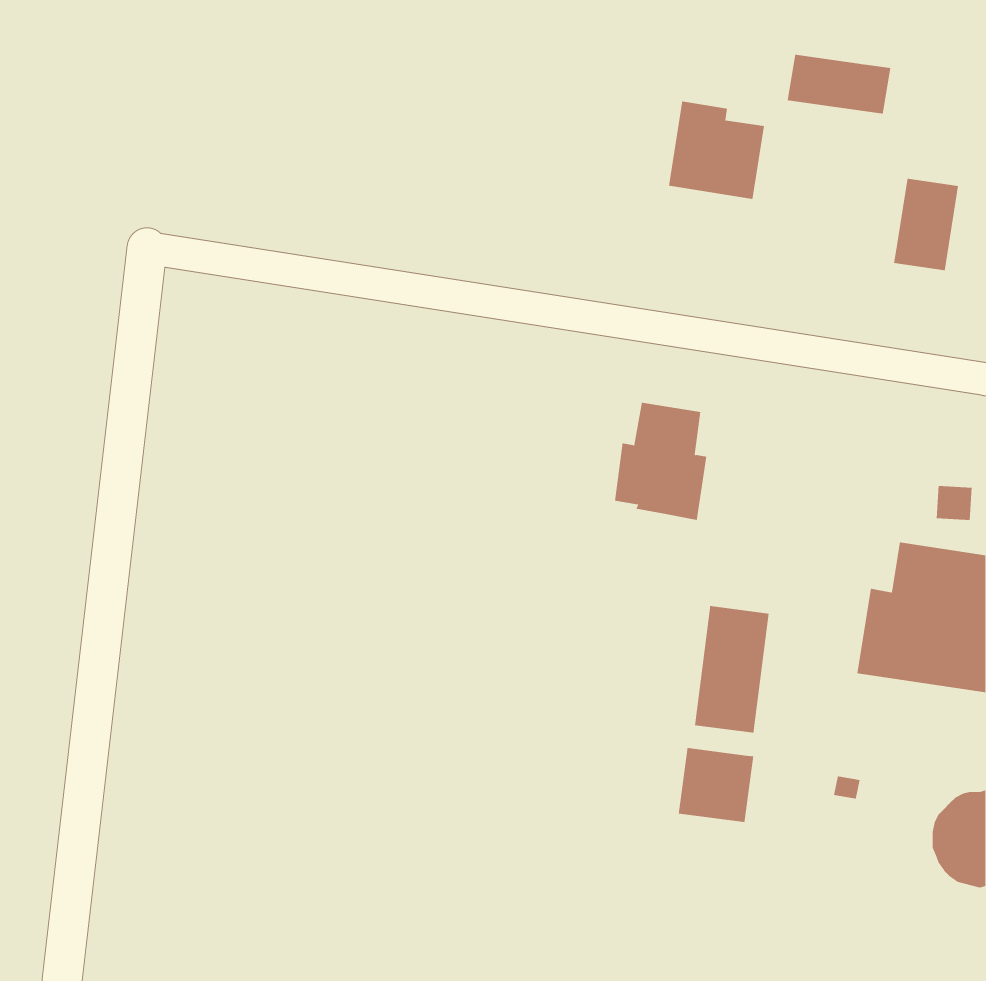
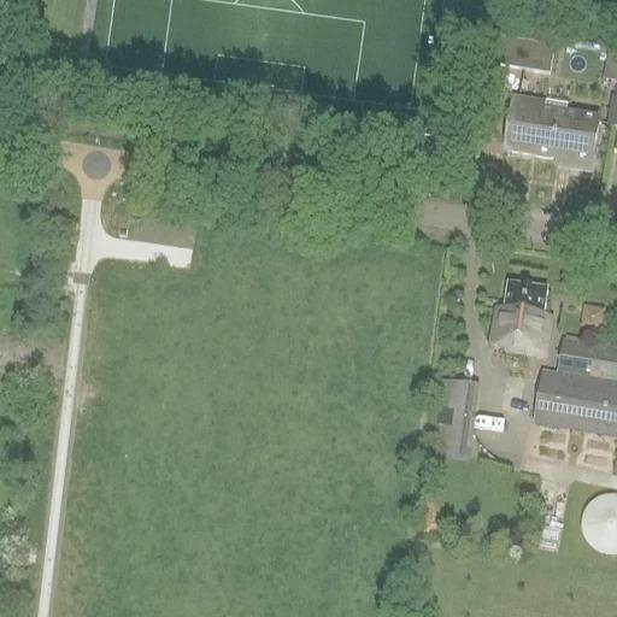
building: [668,101,765,199] -> [505,95,565,157]
building: [614,402,707,520] -> [492,281,550,354]
building: [678,747,754,823] -> none

